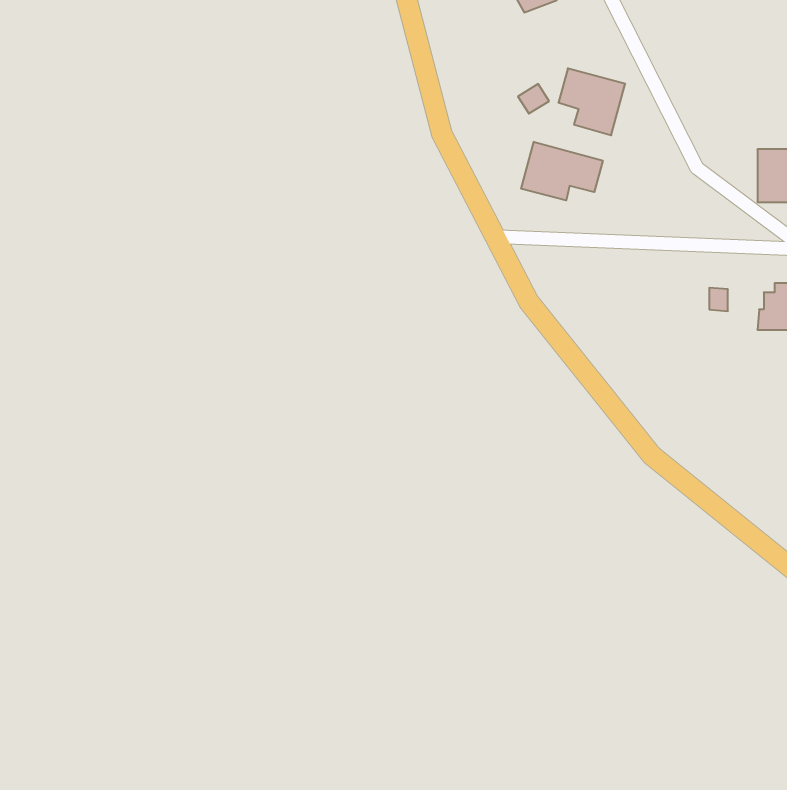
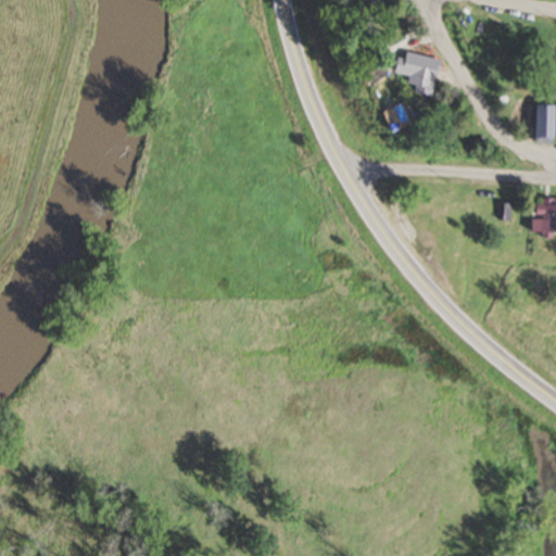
building: [521,142,603,200] -> none

